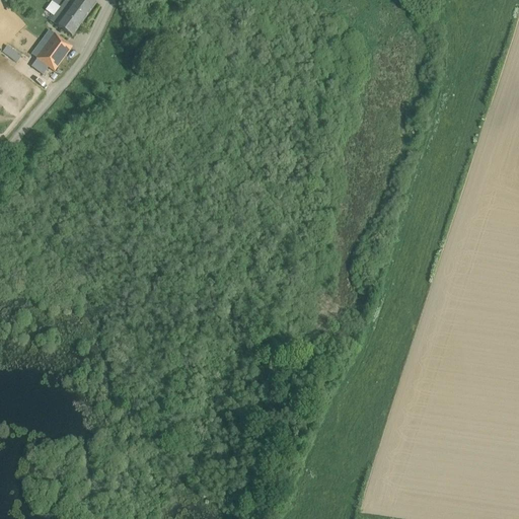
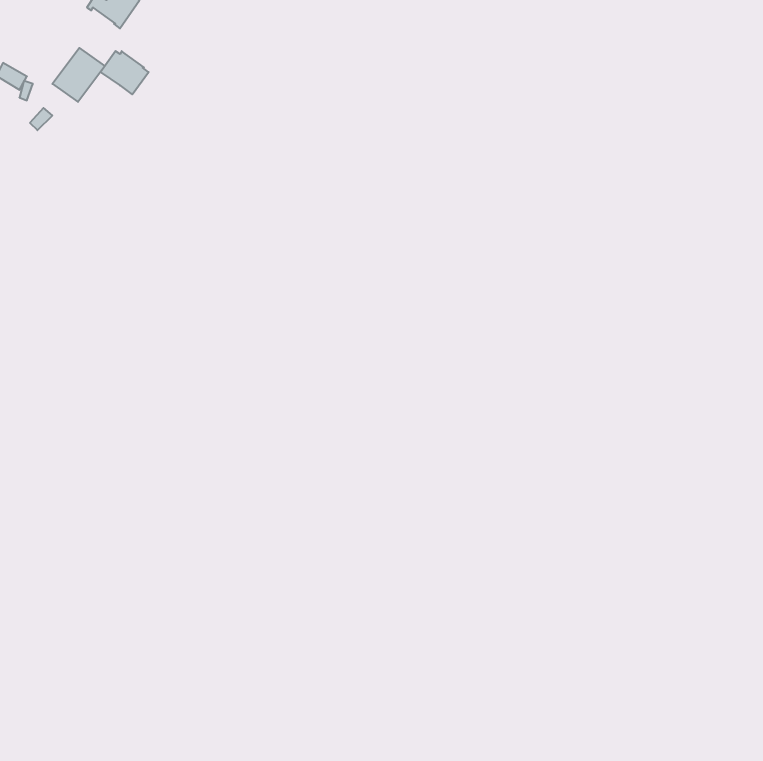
building: [49,5,81,34] -> [101,51,149,94]

